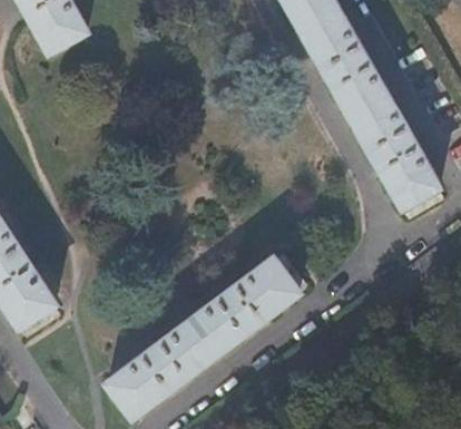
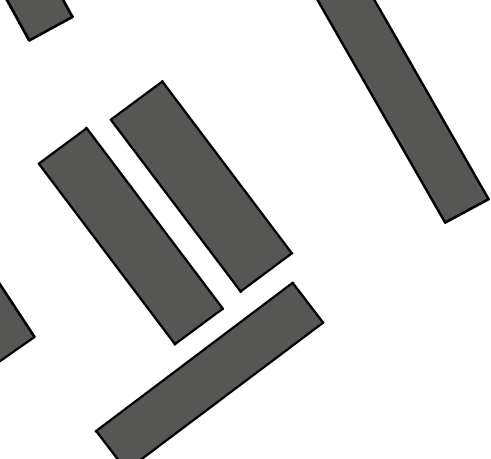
building: none -> [111,81,292,292]
building: none -> [39,128,223,344]

